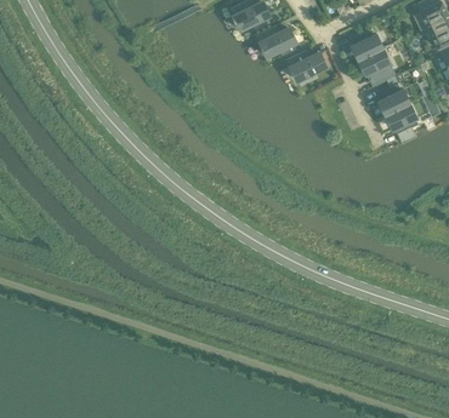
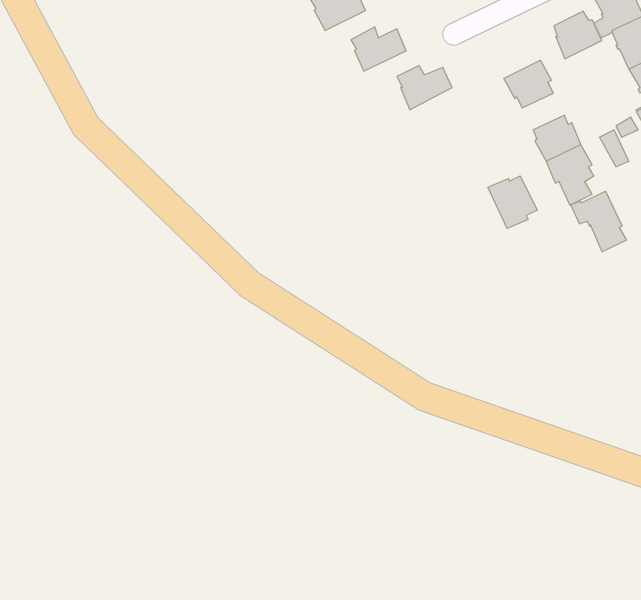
building: [351,29,382,61] -> [554,11,602,59]
building: none -> [488,176,537,228]
building: none -> [571,191,627,252]

